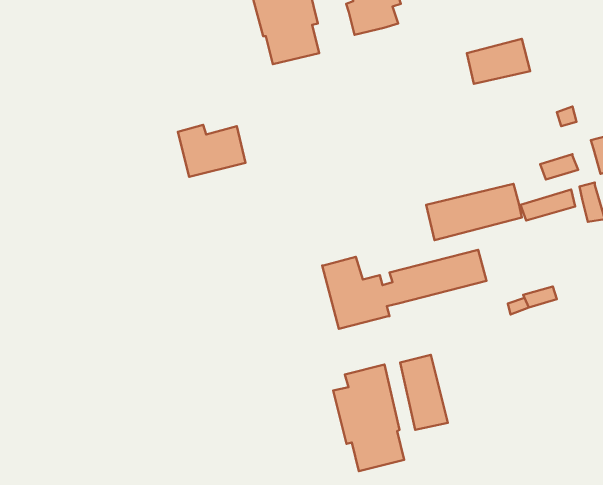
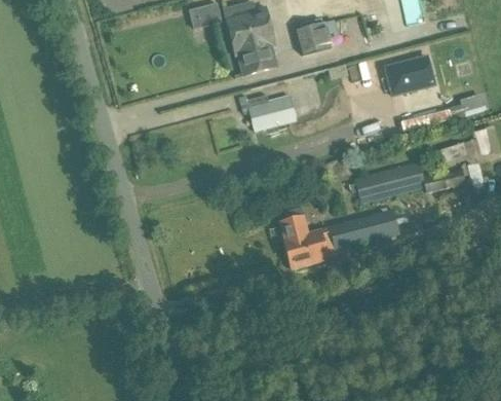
building: [178,125,245,177] -> [247,93,297,131]
building: [400,355,448,430] -> none
building: [333,364,404,471] -> none

